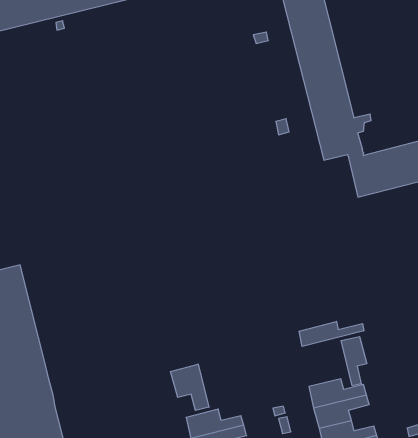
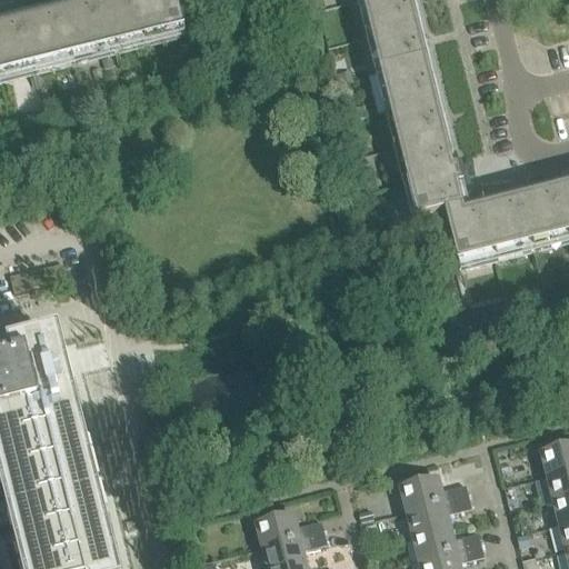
building: [299,321,364,346] -> none
building: [341,337,367,386] -> none
building: [171,364,209,410] -> none

